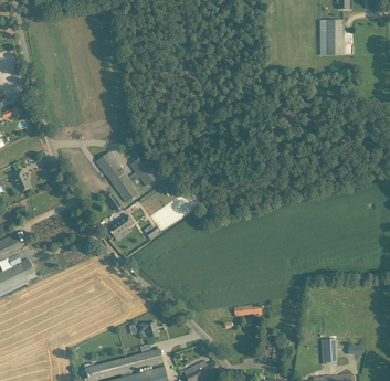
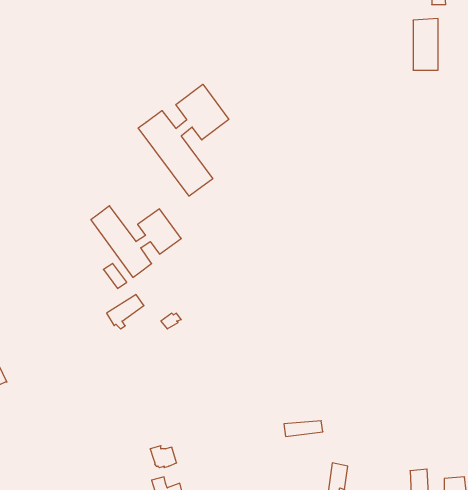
building: none -> [138,84,229,196]

